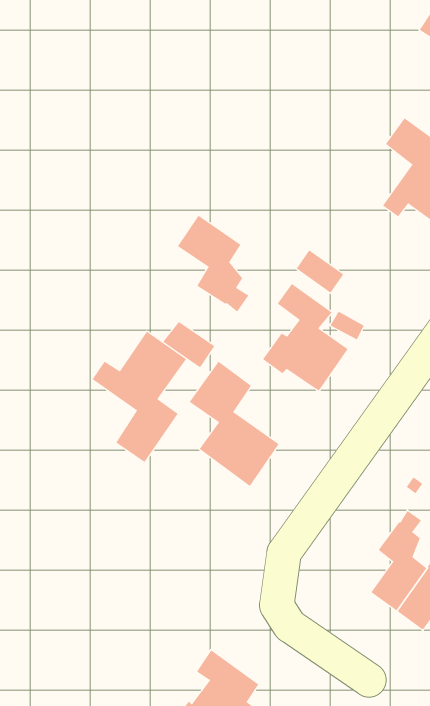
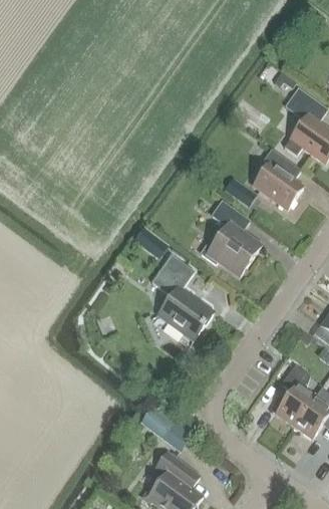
building: none -> [254,147,303,208]
building: [177,215,249,312] -> none
building: [92,331,187,463] -> none
building: none -> [141,403,178,438]

